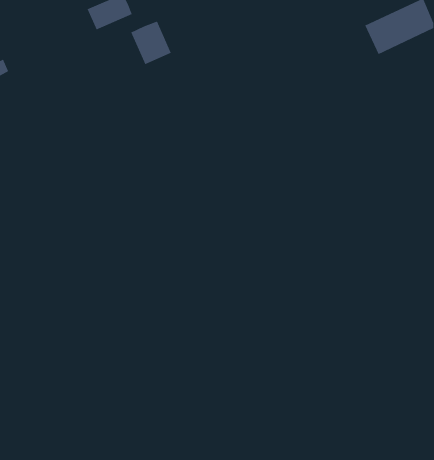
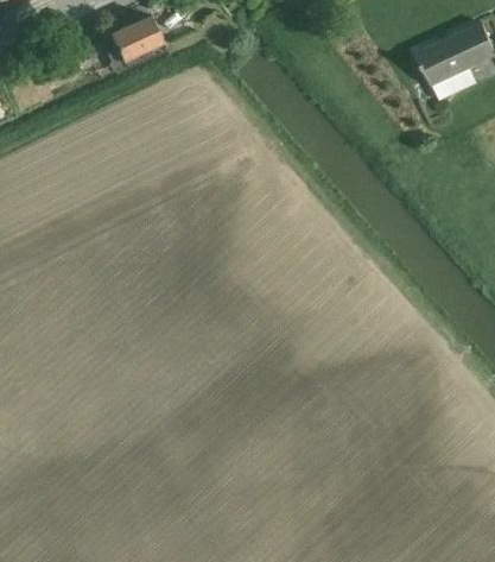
building: [130,20,172,65] -> none

